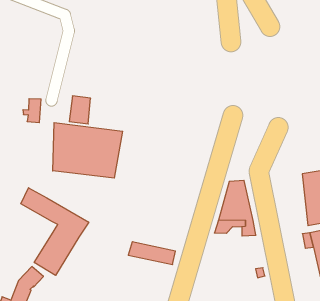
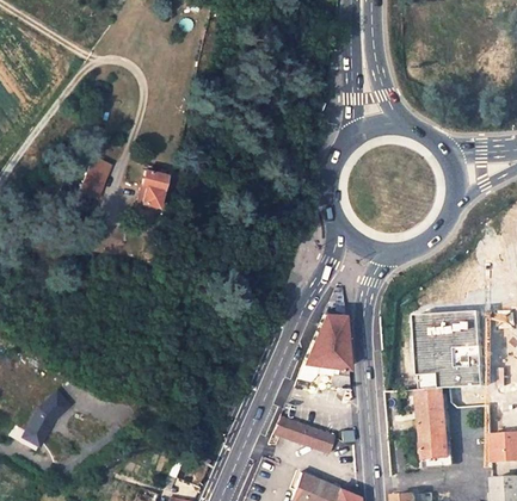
building: [53,123,123,178] -> none
building: [21,188,89,275] -> none
building: [128,242,175,265] -> [272,416,333,452]

